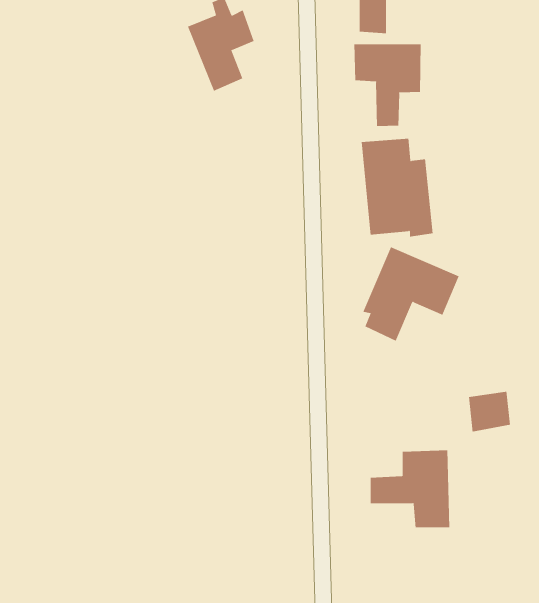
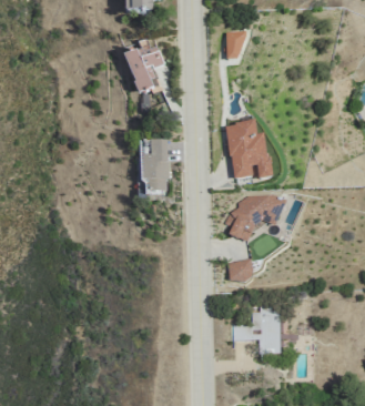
building: [354,44,421,127] -> none
building: none -> [143,140,169,192]
building: [468,391,511,432] -> [229,260,254,284]

